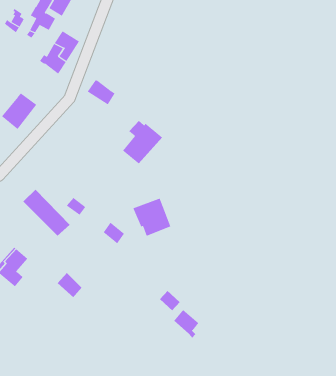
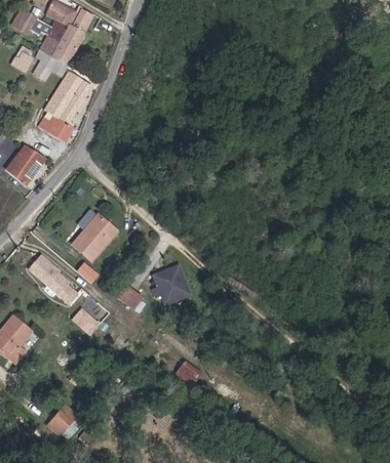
building: [87,80,116,105] -> [40,112,72,140]
building: [122,120,163,164] -> [73,212,118,261]
building: [57,272,83,298] -> [71,305,100,334]
building: [174,309,199,338] -> none
building: none -> [51,406,79,435]

